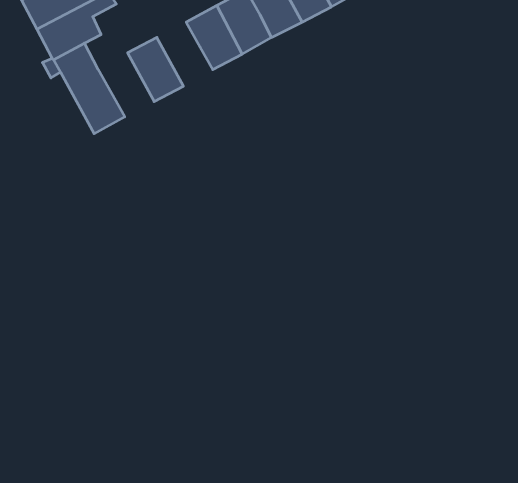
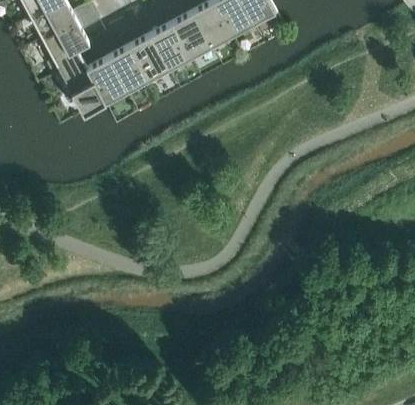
building: none -> [129,34,169,80]
building: none -> [87,56,127,102]

